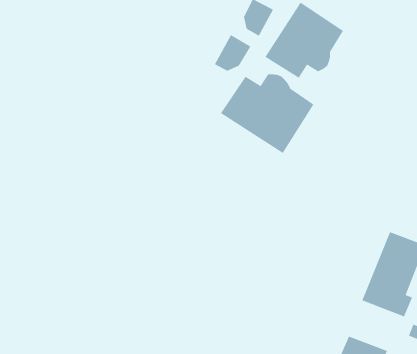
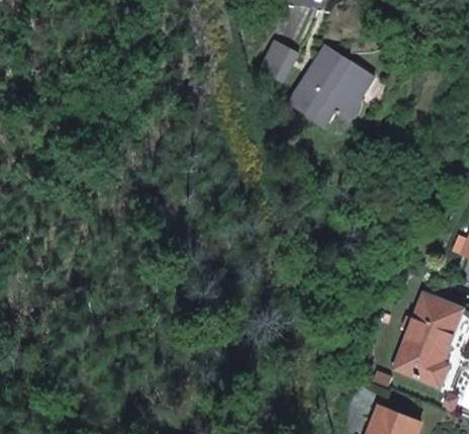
building: [214,34,251,71] -> none
building: [220,74,314,154] -> none

